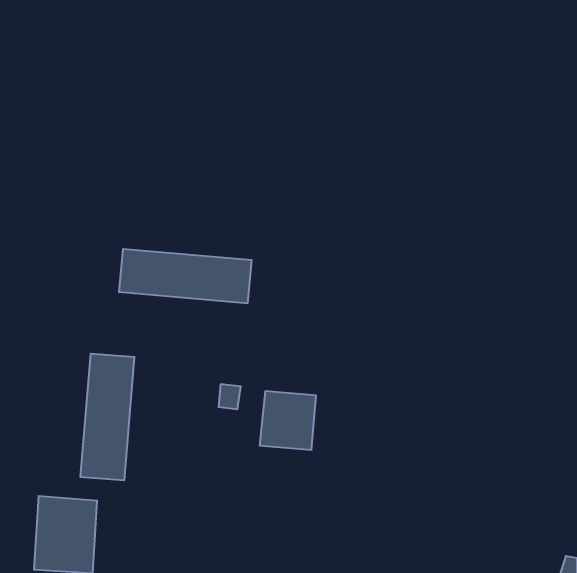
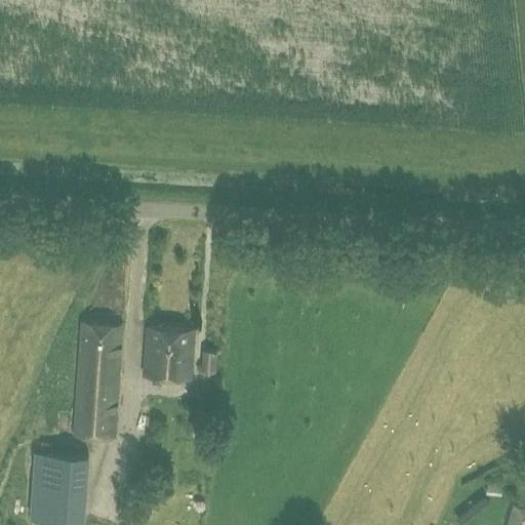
building: [119,249,252,303] -> none
building: [260,391,316,450] -> [143,328,194,381]

